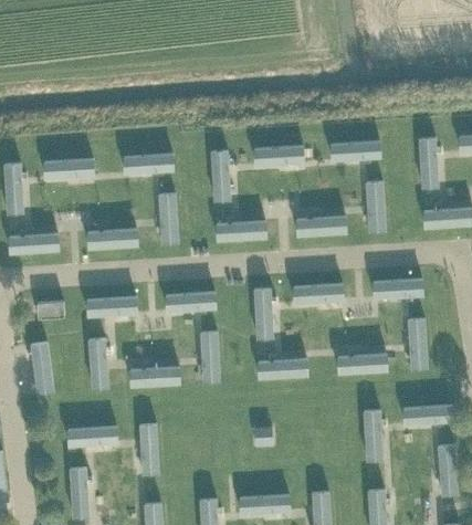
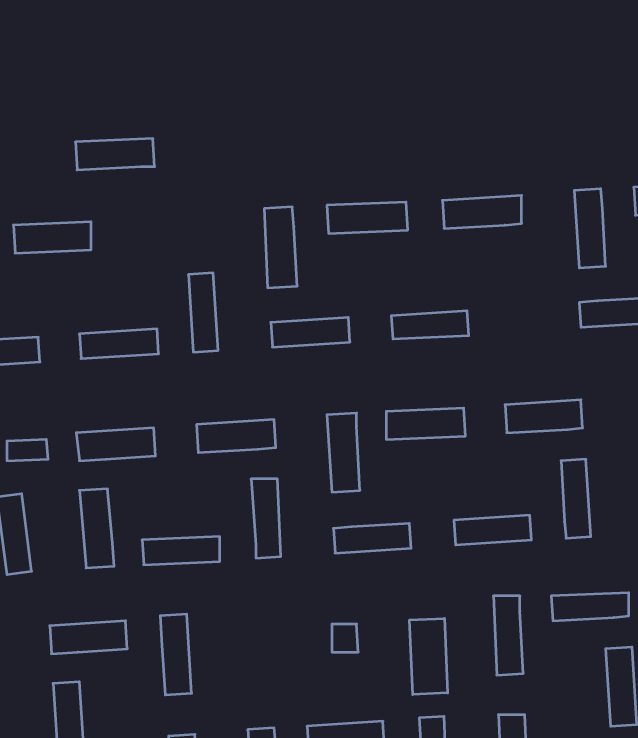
building: [120,153,174,174] -> [75,139,155,170]
building: [365,178,386,231] -> none
building: none -> [410,618,448,695]

